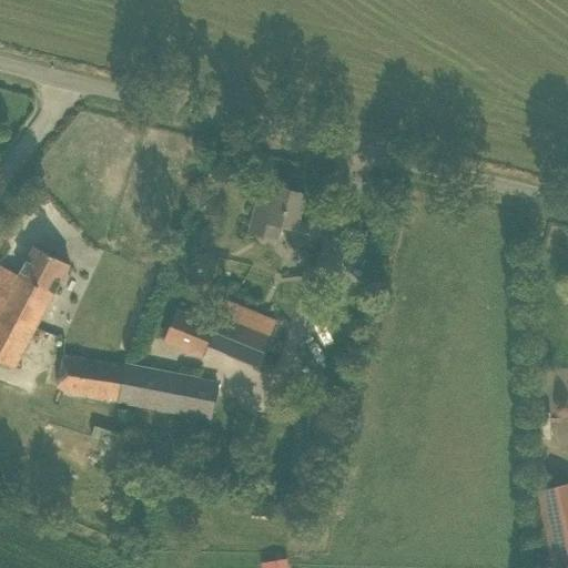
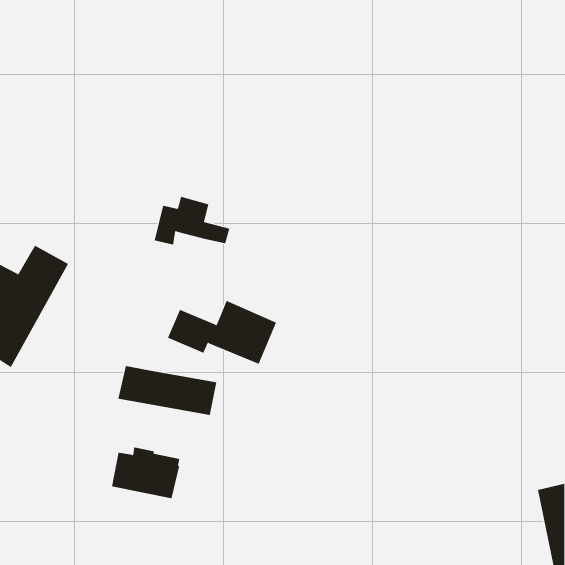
building: [248,187,325,236] -> [154,196,230,245]
building: [57,348,125,400] -> [111,447,180,499]

